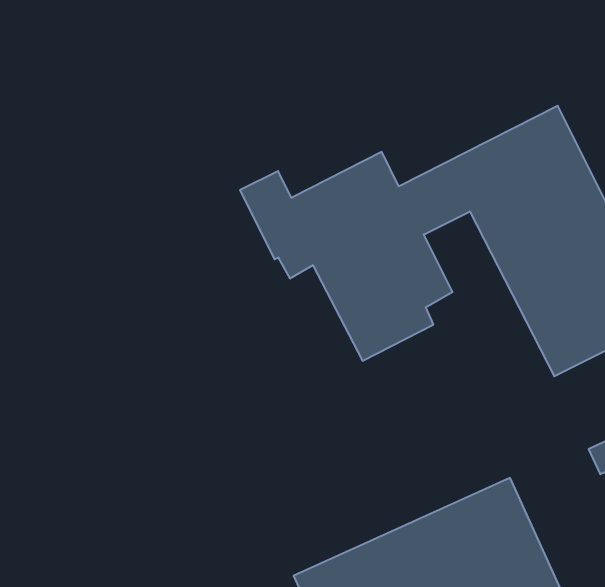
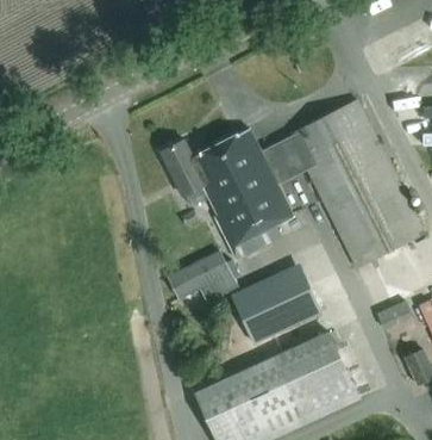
building: none -> [167,249,240,302]
building: none -> [236,274,323,345]

